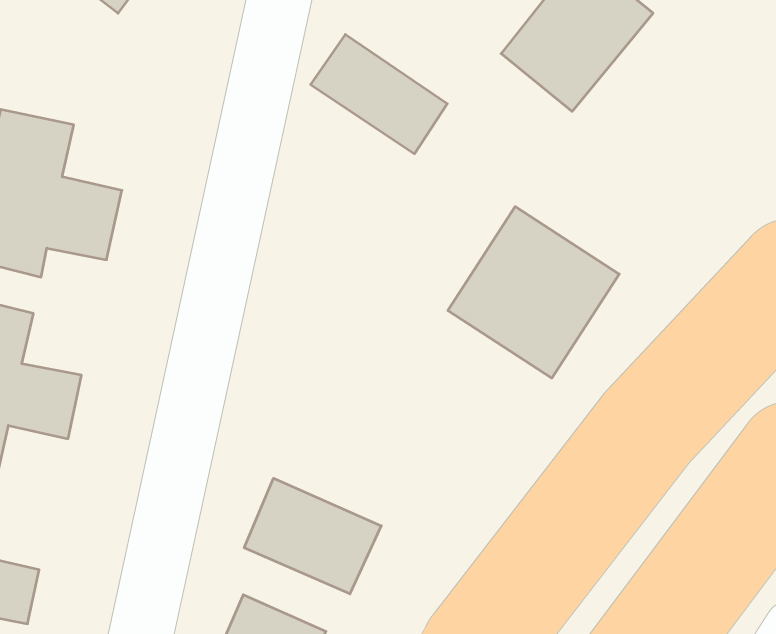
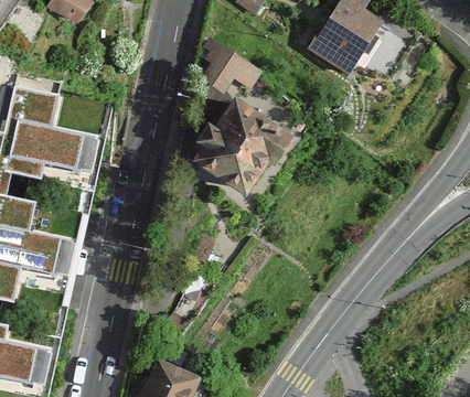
building: [448,207,619,378] -> [195,98,293,196]
building: [244,478,381,594] -> none

